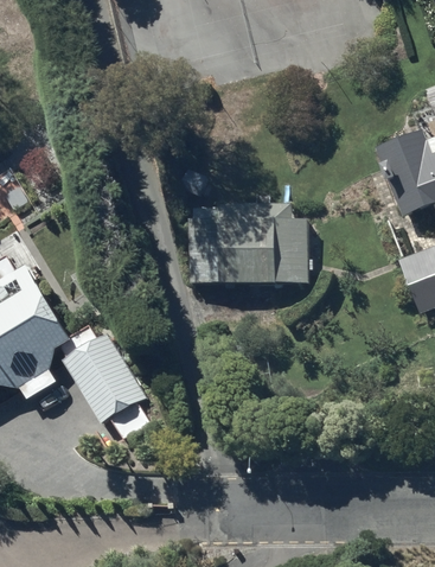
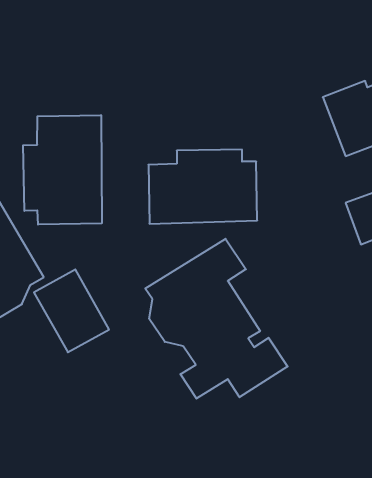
building: none -> [23,115,102,225]
building: none -> [145,239,288,399]

